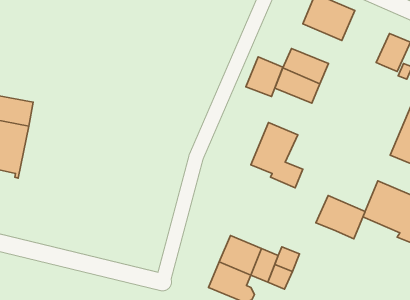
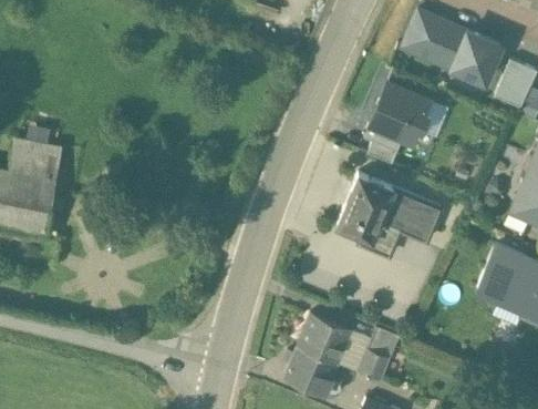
building: none -> [451,31,500,83]
building: [246,57,283,97] -> none
building: [316,196,365,239] -> [380,187,442,242]

